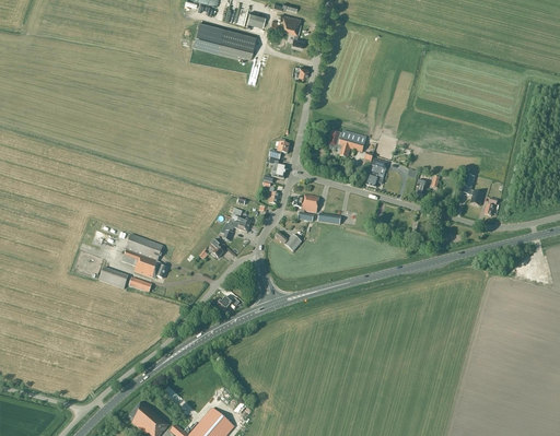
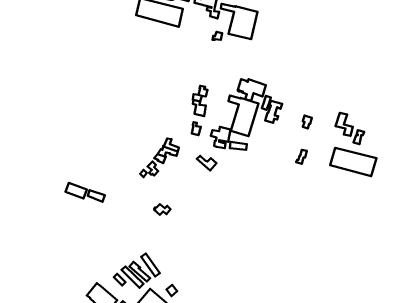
building: none -> [221,4,258,39]
building: none -> [228,95,258,136]
building: none -> [330,148,377,176]
building: [122,234,166,279] -> none

